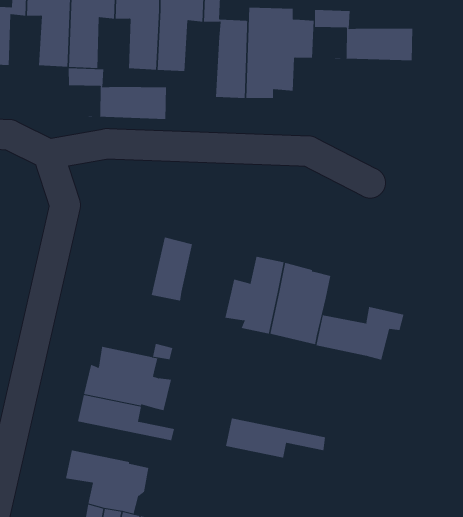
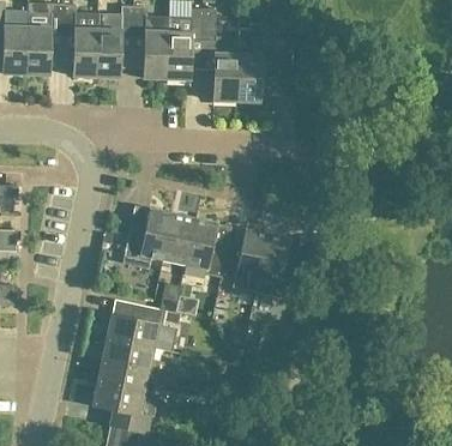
building: [314,9,413,61] -> none
building: [68,68,167,120] -> none
building: none -> [121,206,169,267]
building: none -> [182,217,228,276]
building: [316,306,404,361] -> none
building: [225,418,326,458] -> [95,358,175,391]

